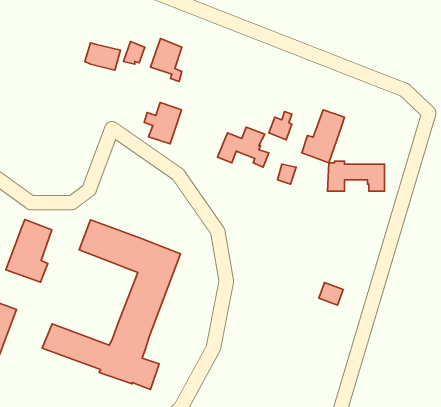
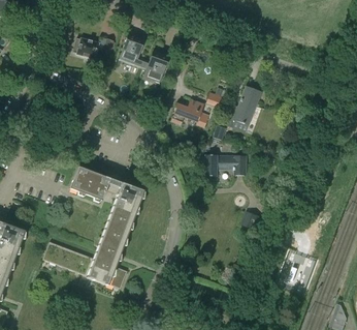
building: [144,103,181,144] -> [141,52,168,82]
building: [327,161,385,191] -> [204,154,246,176]
building: [6,220,52,282] -> none

